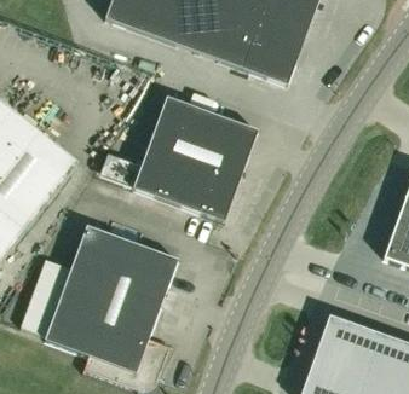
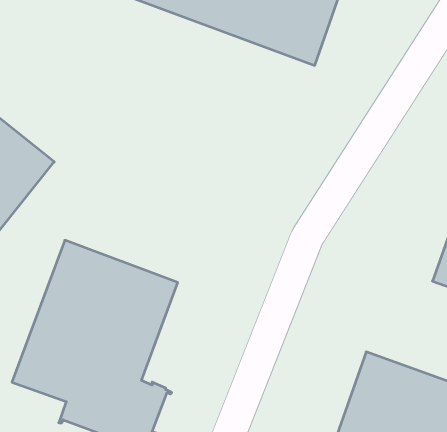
building: [132,95,257,221] -> none

